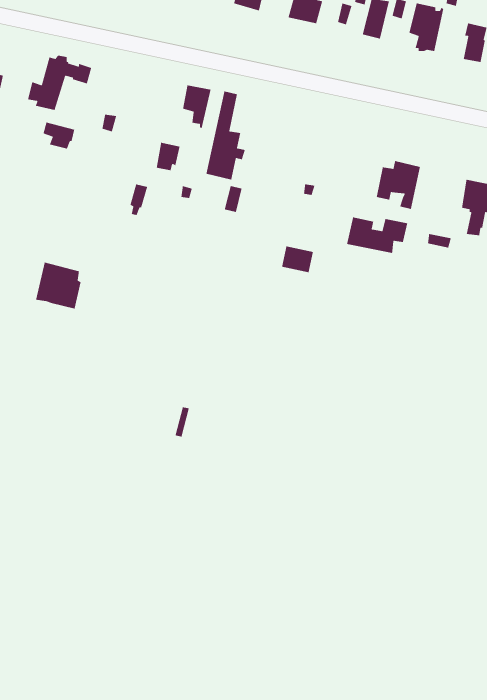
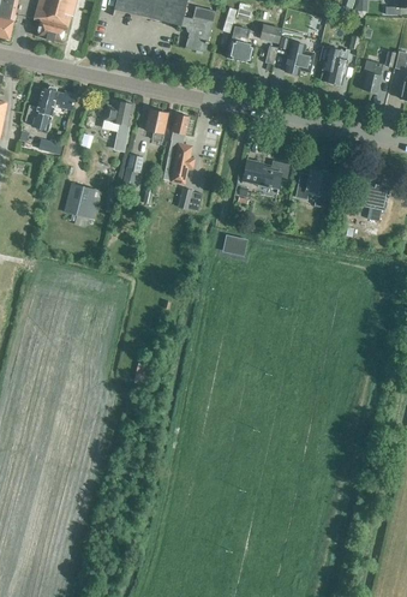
building: none -> [101,101,133,153]
building: [346,217,408,254] -> [243,160,291,189]
building: [35,262,82,310] -> [64,183,100,220]

